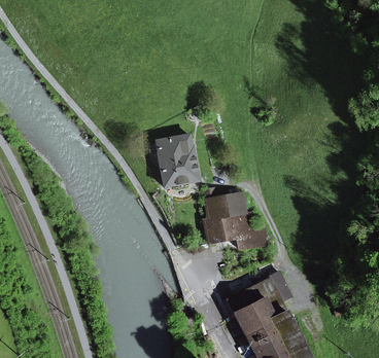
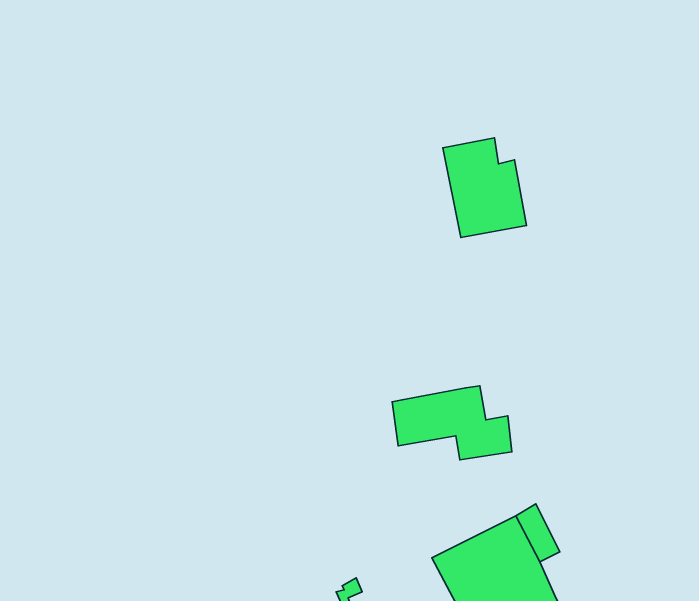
building: [153,135,197,186] -> [443,138,527,238]
building: [204,187,242,218] -> none

